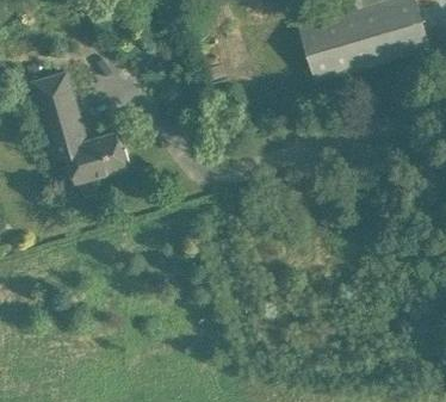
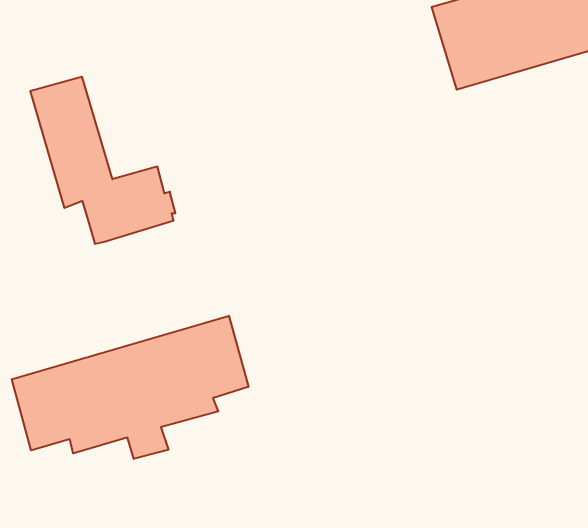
building: none -> [12,316,248,459]

